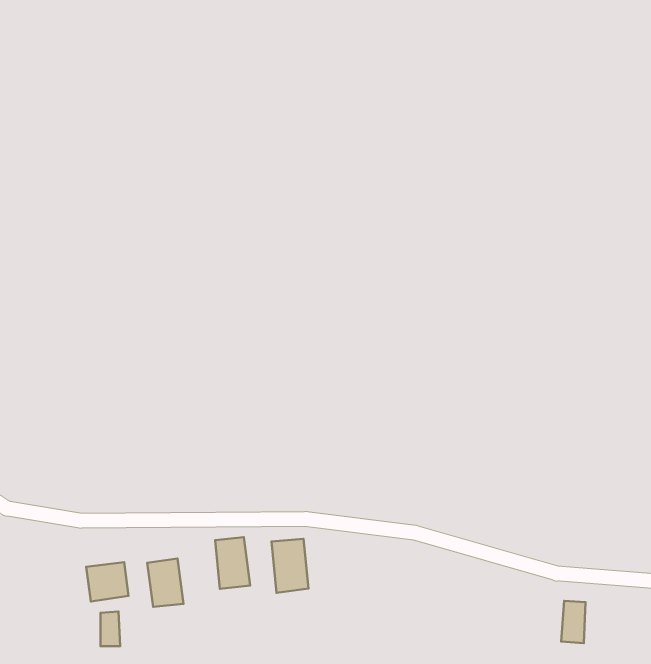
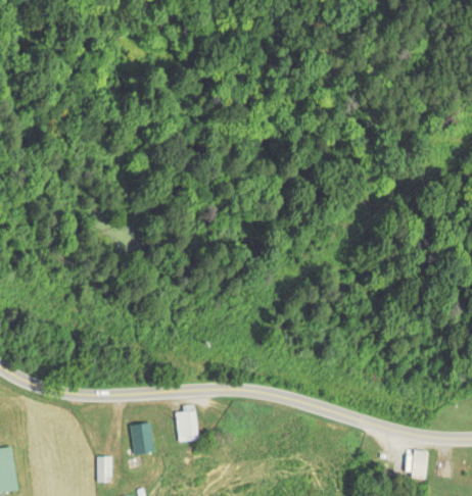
building: [271,539,308,593] -> none
building: [86,562,128,602] -> none

